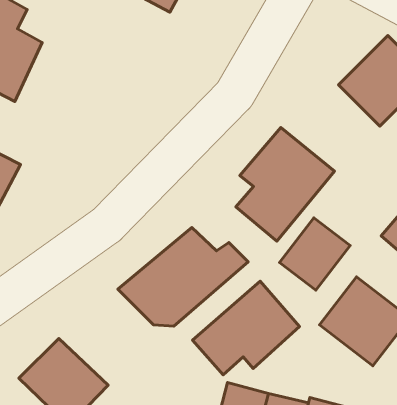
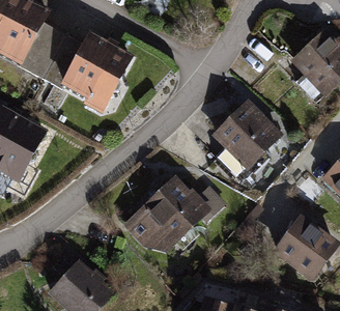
building: none -> [45,32,136,112]
building: [280,218,350,290] -> none
building: [193,281,300,375] -> none

